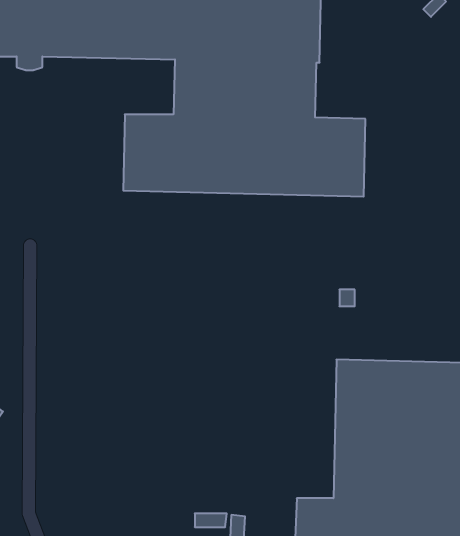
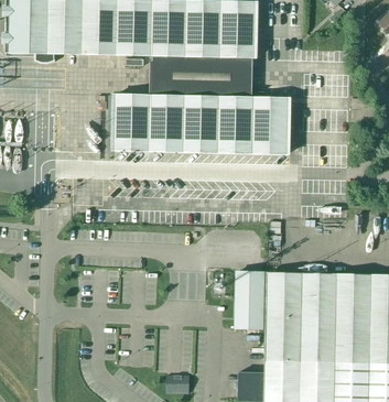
building: none -> [235,271,264,327]

